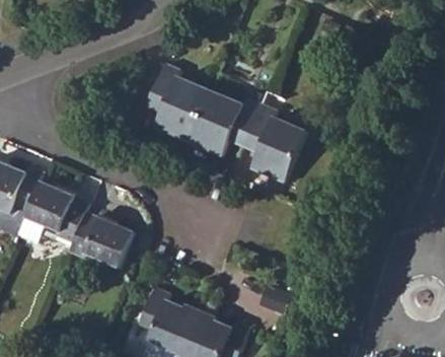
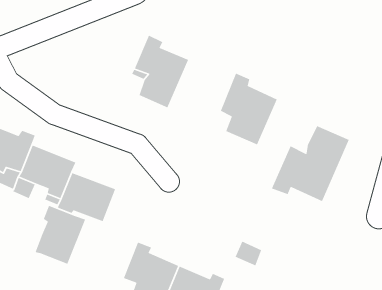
building: [187,88,261,156] -> none
building: none -> [271,125,350,202]
building: none -> [35,205,86,265]

